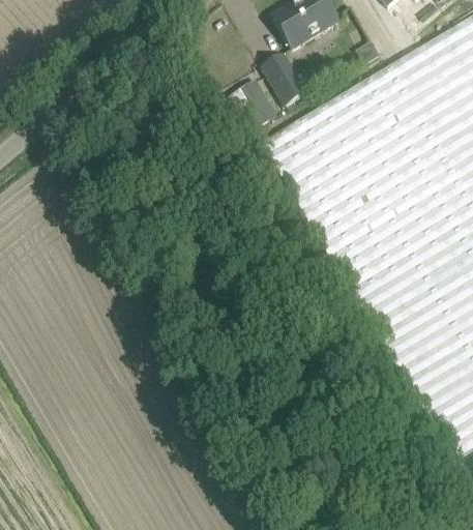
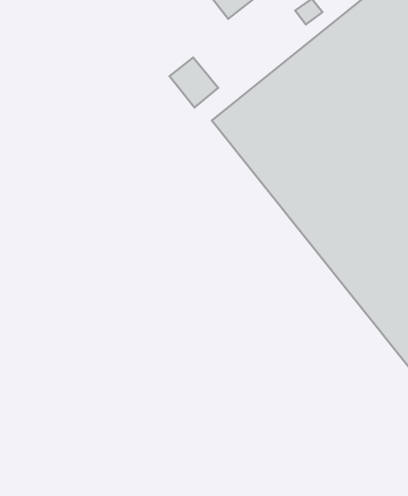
building: [264,53,306,104] -> none

